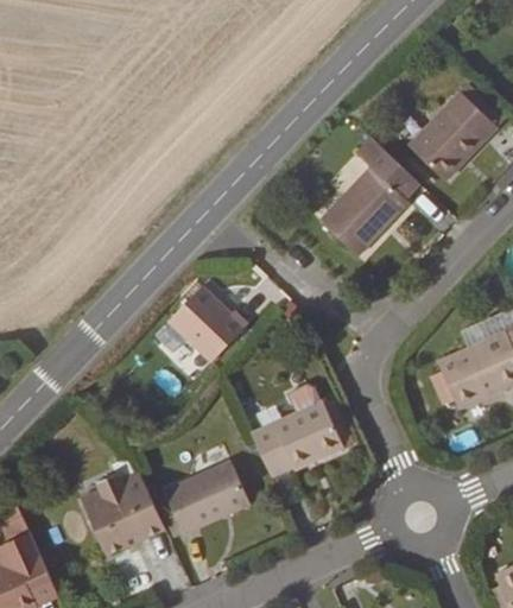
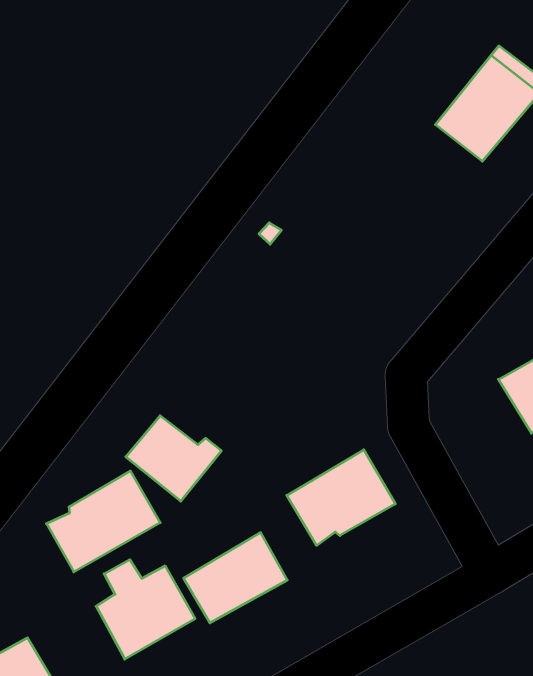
building: [318,138,420,253] -> none
building: [170,287,249,360] -> [126,416,221,501]
building: none -> [46,471,160,572]

